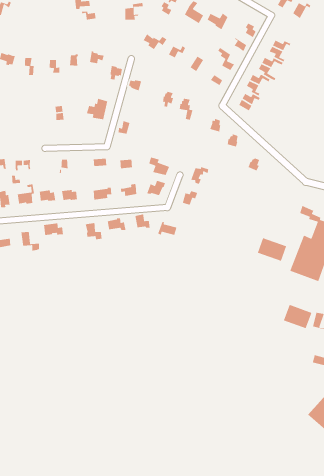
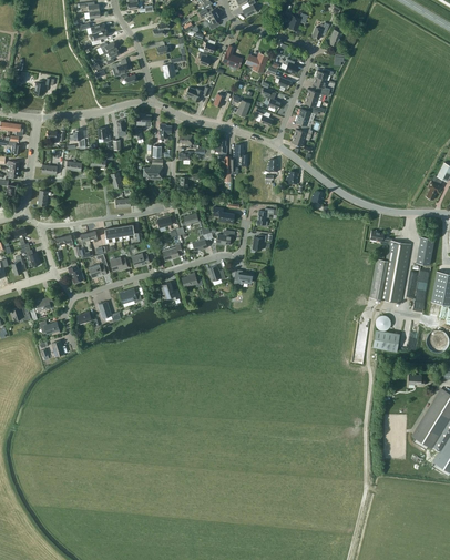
building: [257,237,287,262] -> none

